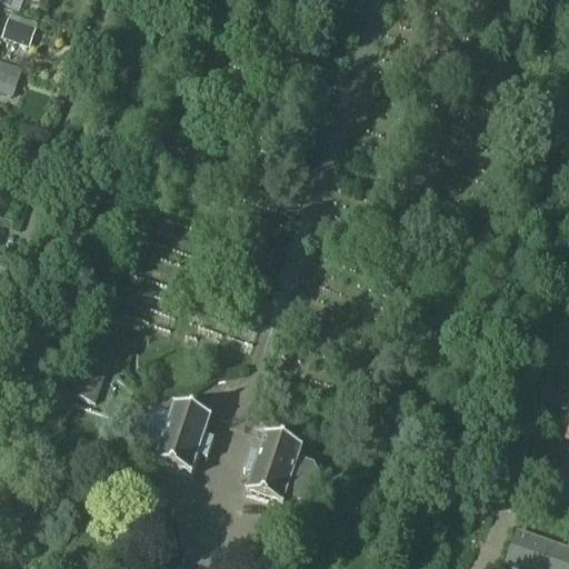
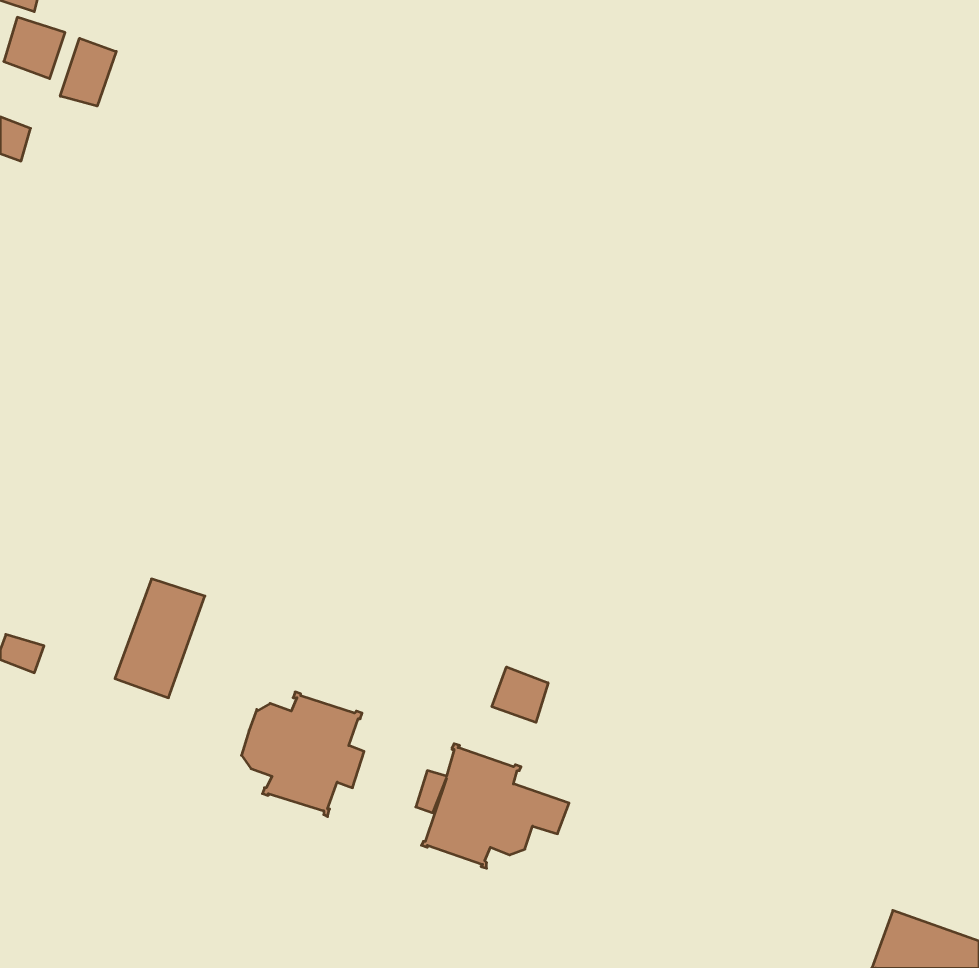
building: none -> [60,38,116,106]
building: none -> [492,667,548,722]

